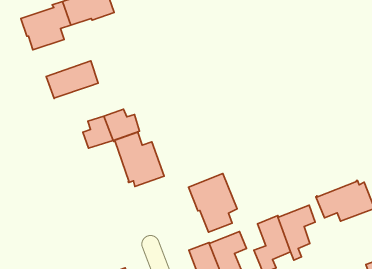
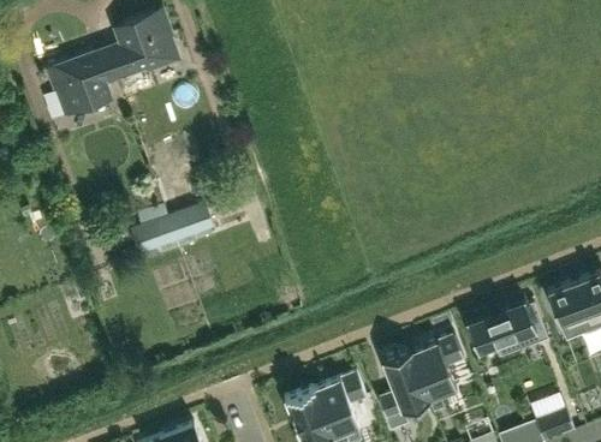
building: [46,61,98,98] -> none
building: [114,132,164,186] -> none
building: [189,174,237,232] -> none

